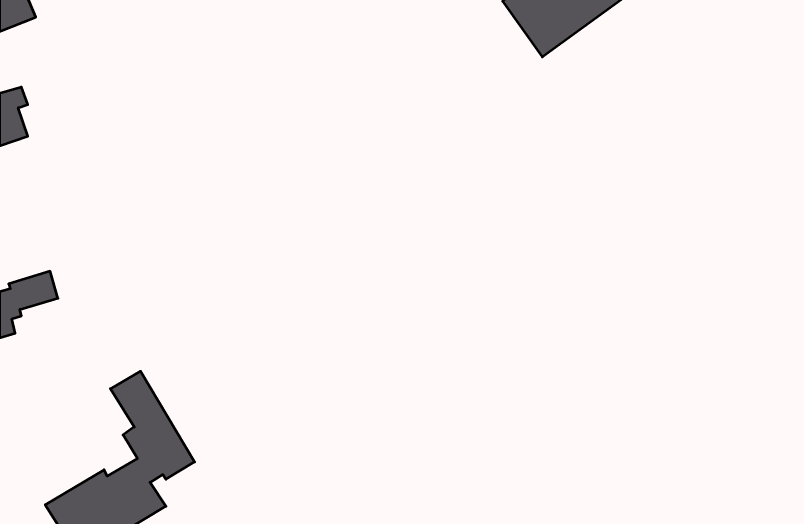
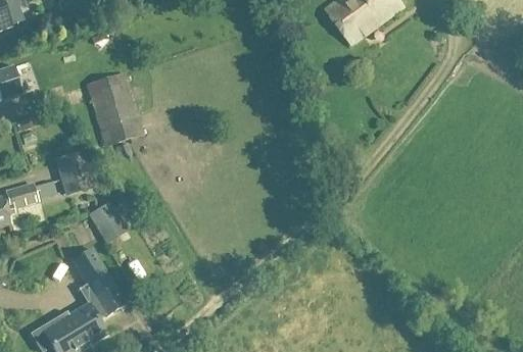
building: none -> [88,74,141,144]
building: none -> [56,152,93,193]
building: none -> [88,201,128,243]

